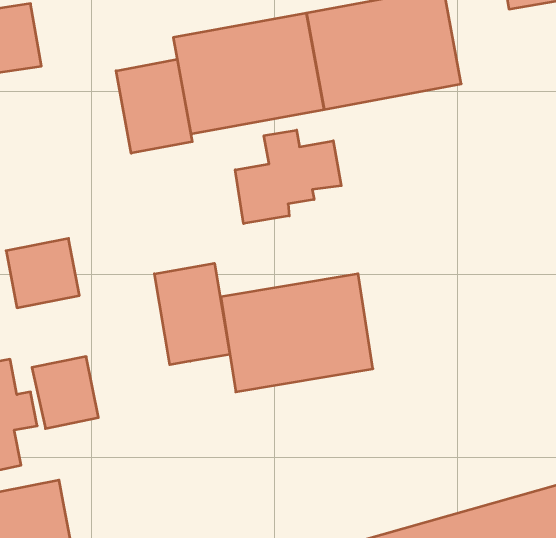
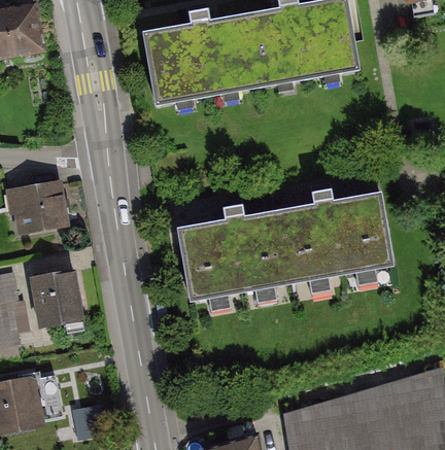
building: [116,59,192,153] -> none
building: [235,130,341,224] -> none
building: none -> [282,193,393,282]
building: [154,263,230,365] -> none

